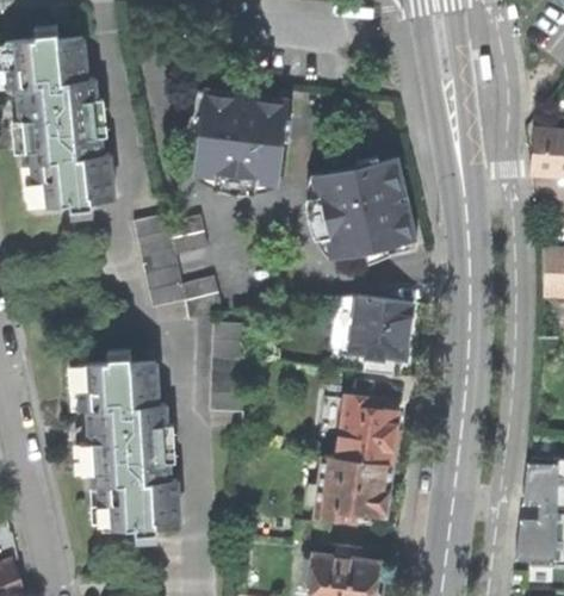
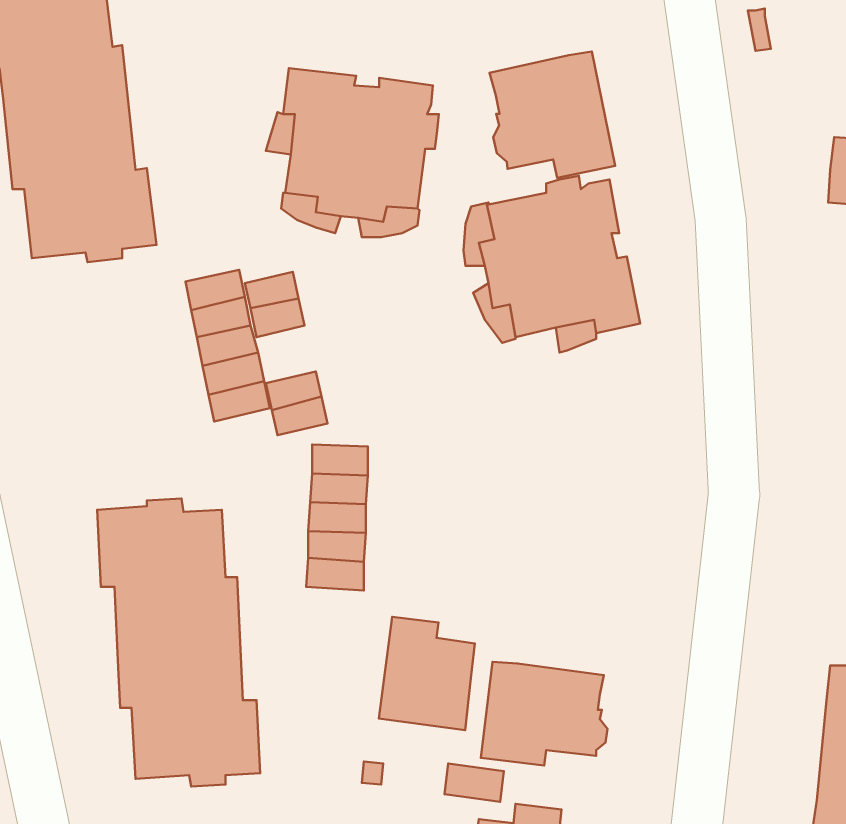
building: none -> [490,52,615,178]
building: [351,296,413,374] -> none
building: [339,395,398,465] -> [379,617,475,730]

